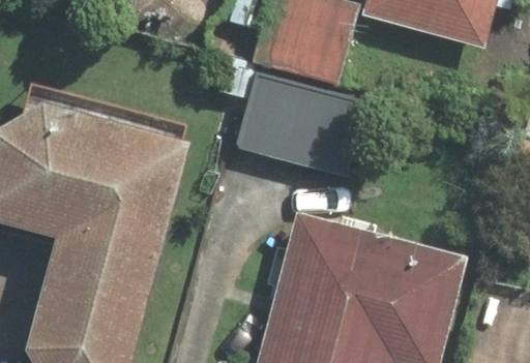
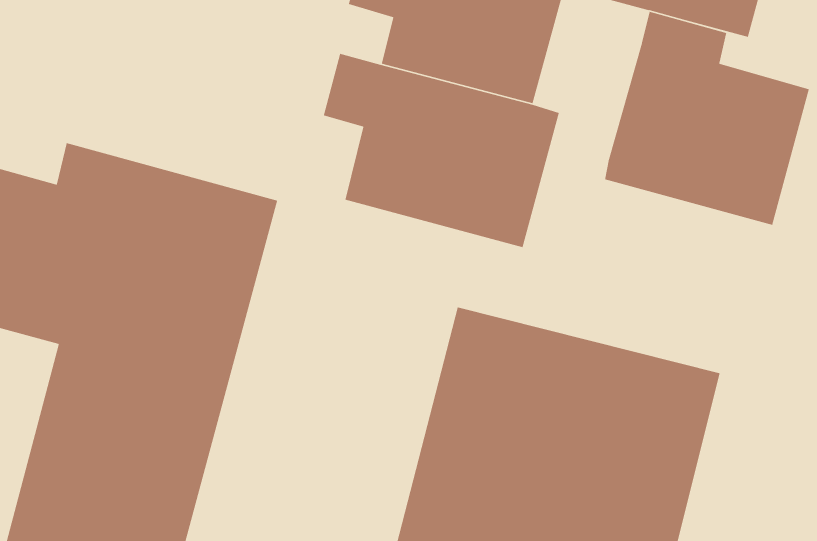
building: none -> [604,11,810,226]

